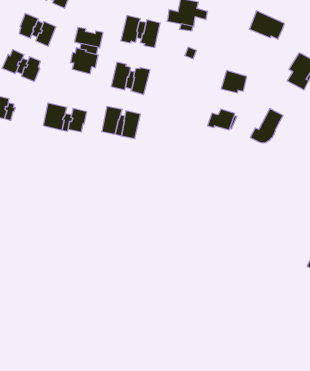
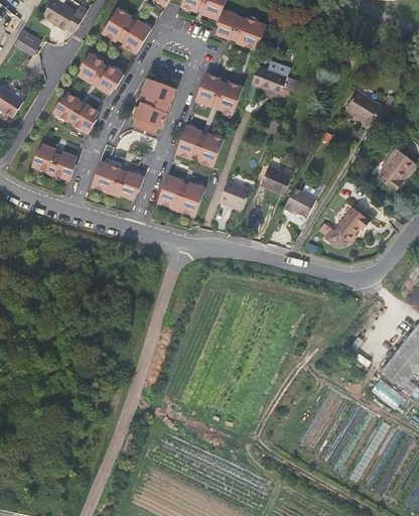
building: [221,71,247,93] -> [260,165,291,192]
building: none -> [54,151,77,179]
building: none -> [219,178,252,207]

